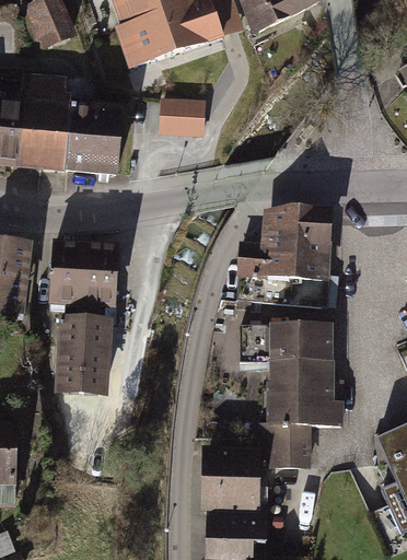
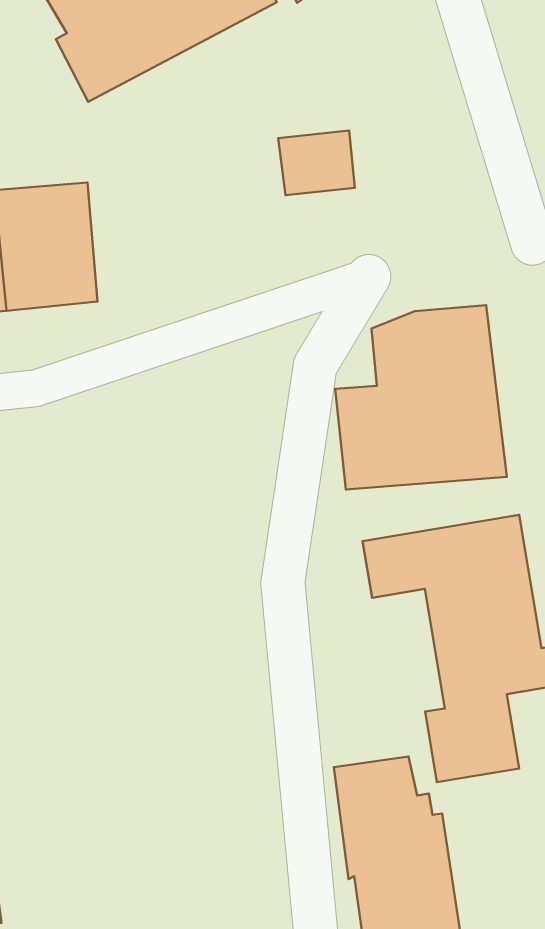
building: [162,98,202,132] -> [278,130,355,195]
building: [53,242,119,392] -> none

